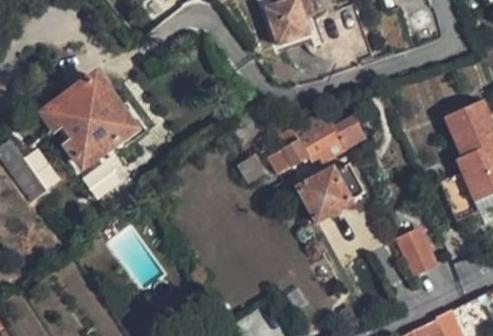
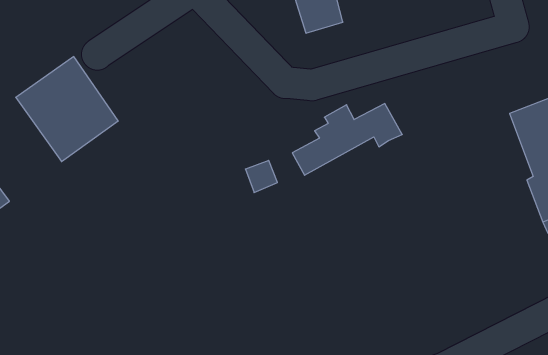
building: [298,163,363,221] -> none
building: [399,230,435,272] -> none

